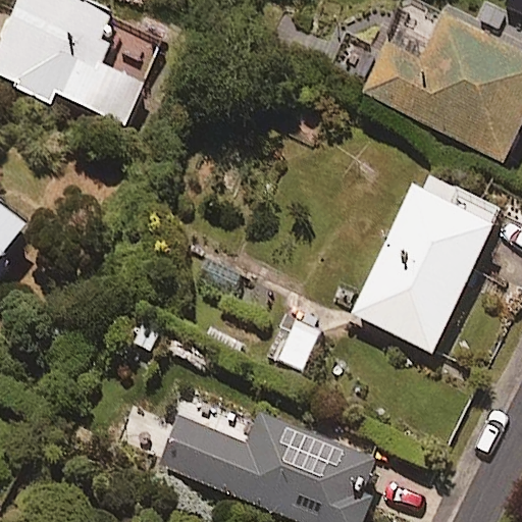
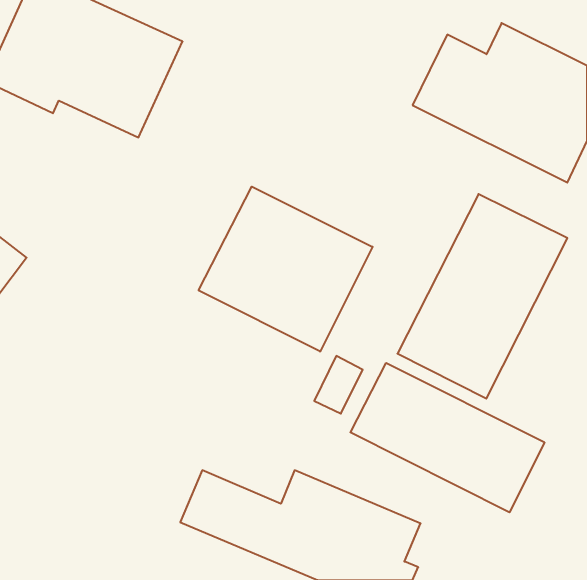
building: none -> [199,187,373,352]
building: none -> [350,363,544,512]

